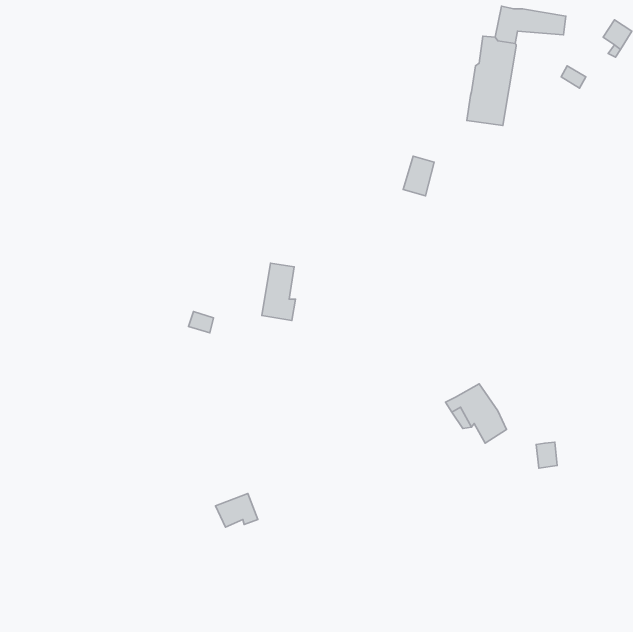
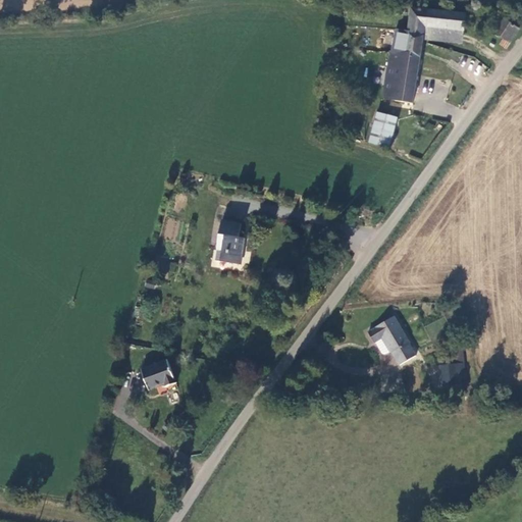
building: none -> [423,25,463,44]
building: [403,156,434,196] -> [370,113,396,146]
building: [216,493,258,527] -> [140,358,174,385]

